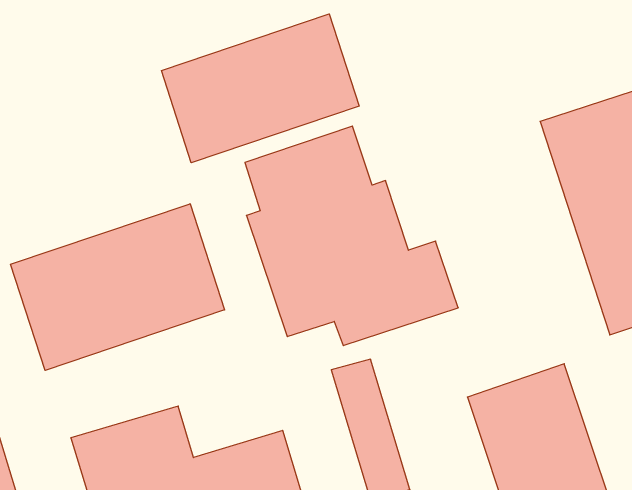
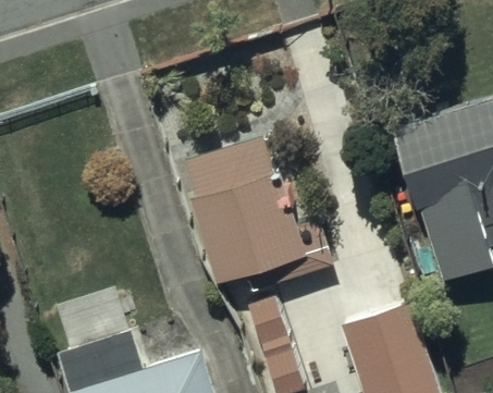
building: [161,14,359,163] -> none
building: [11,204,225,370] -> none

